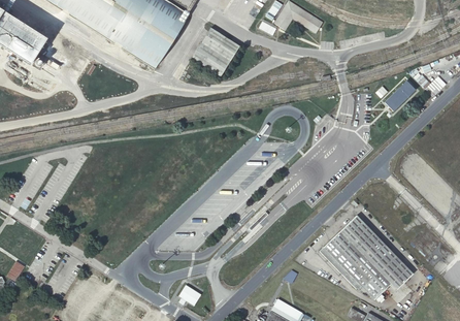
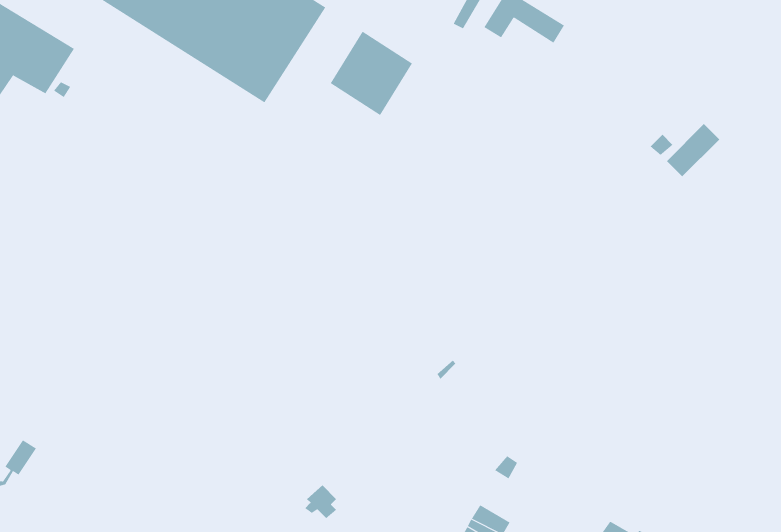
building: [320,216,413,299] -> none

